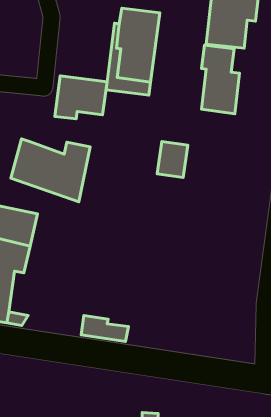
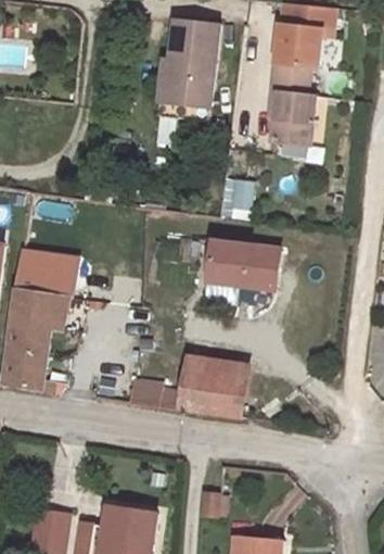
building: [55,76,107,119] -> none
building: [11,139,90,202] -> none
building: none -> [207,243,278,292]
building: none -> [181,366,247,418]

